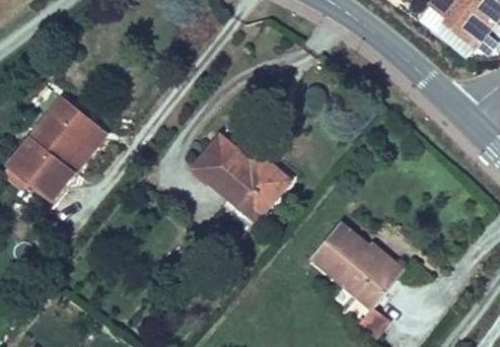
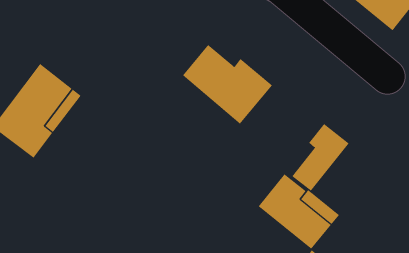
building: [191,132,295,224] -> [182,44,273,124]
building: none -> [291,123,350,192]

